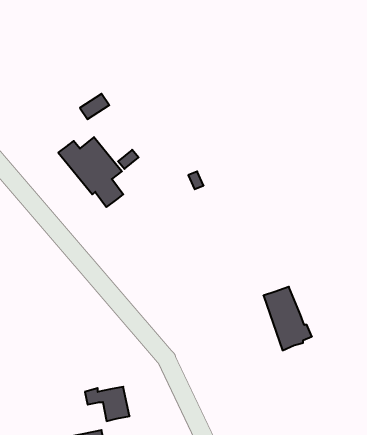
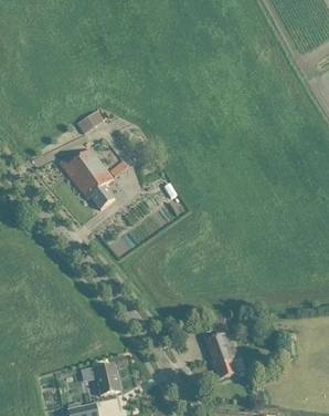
building: [263,287,312,350] -> [203,324,245,379]

